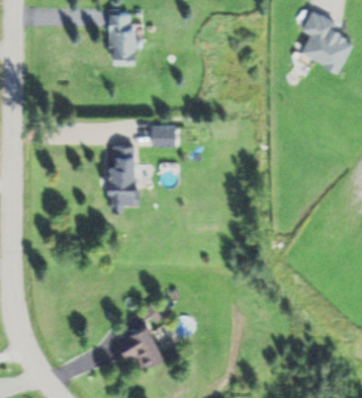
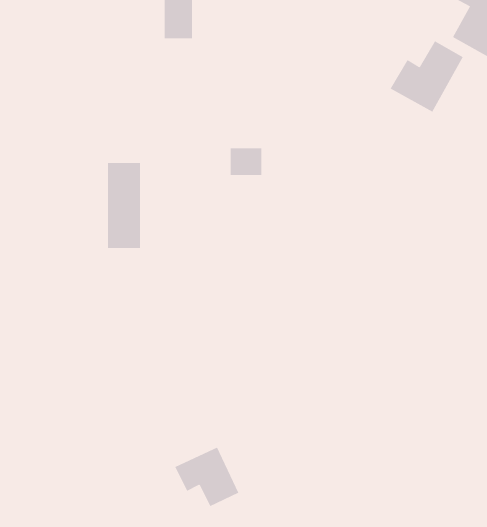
building: none -> [390,40,464,113]
building: [113,146,135,203] -> [107,163,141,249]

